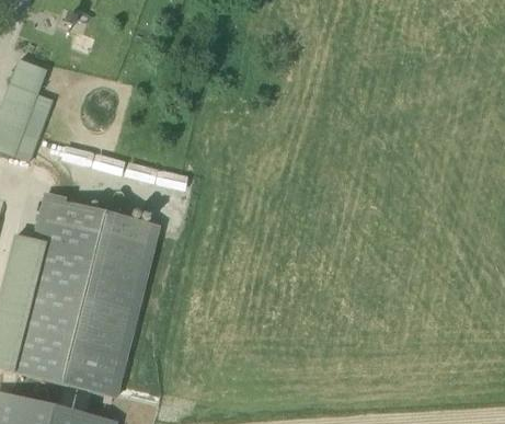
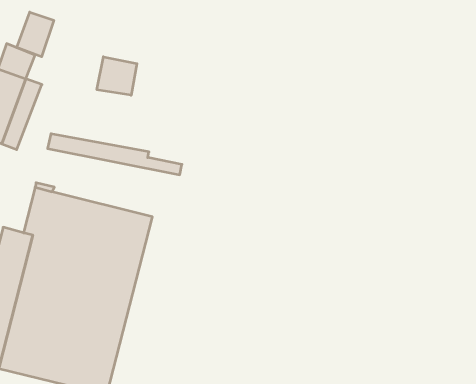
building: none -> [17,12,54,57]
building: none -> [97,57,137,95]

